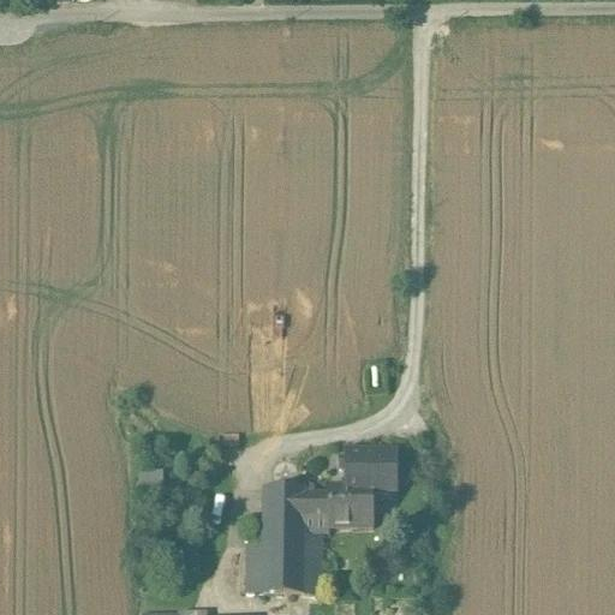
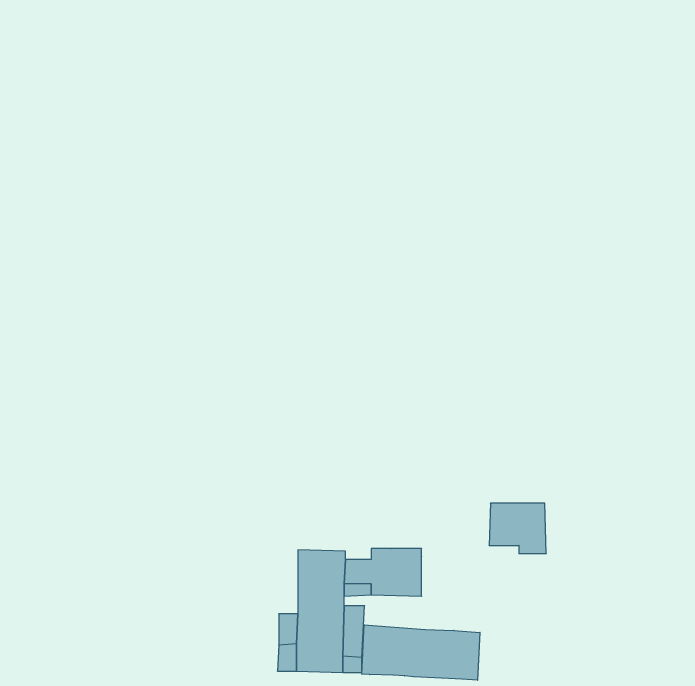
building: [346,447,396,491] -> [489,503,546,554]
building: none -> [362,625,480,680]

